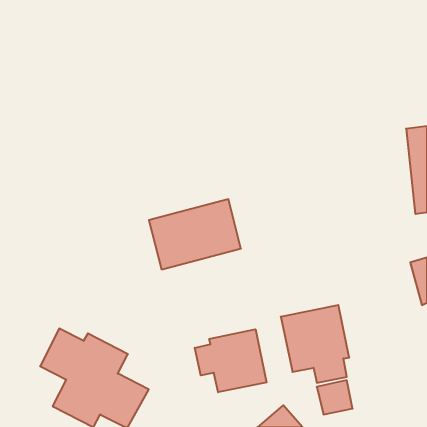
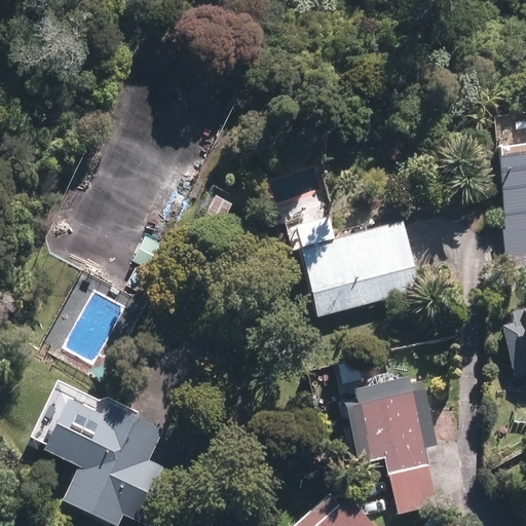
building: [149,199,241,269] -> [301,226,414,312]
building: [195,329,267,392] -> none

